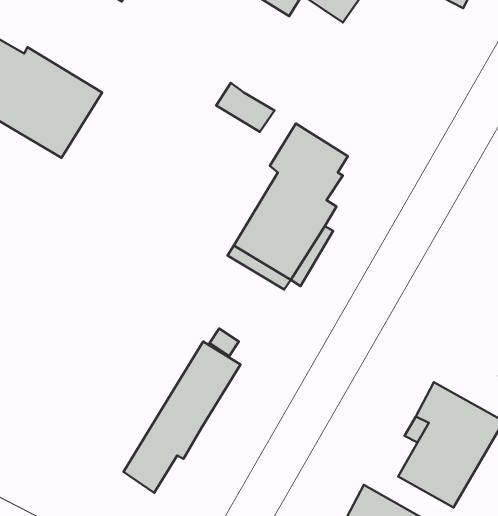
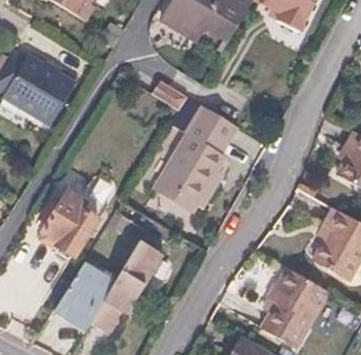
building: none -> [41,188,97,254]
building: none -> [56,264,113,328]

